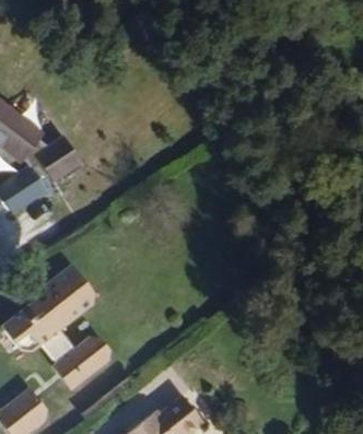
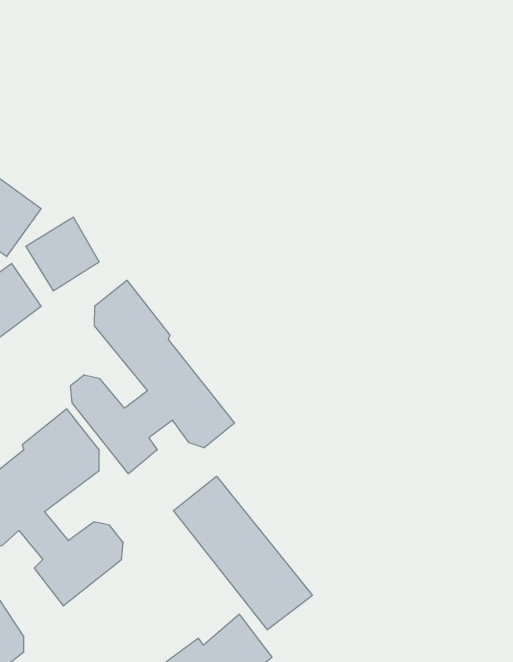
building: none -> [71,280,234,474]
building: none -> [173,476,312,630]

